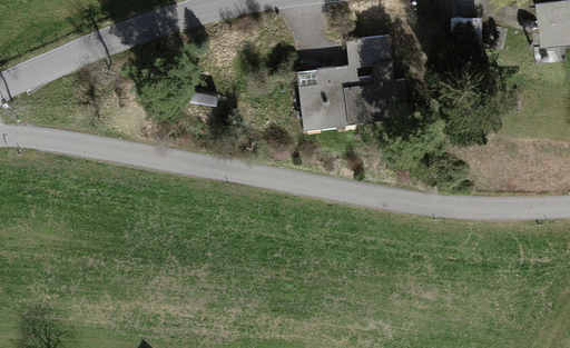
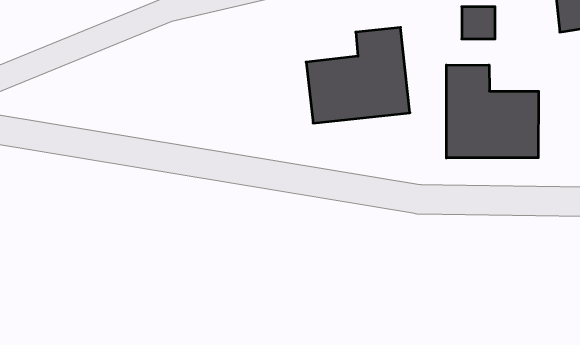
building: none -> [446,65,539,158]

